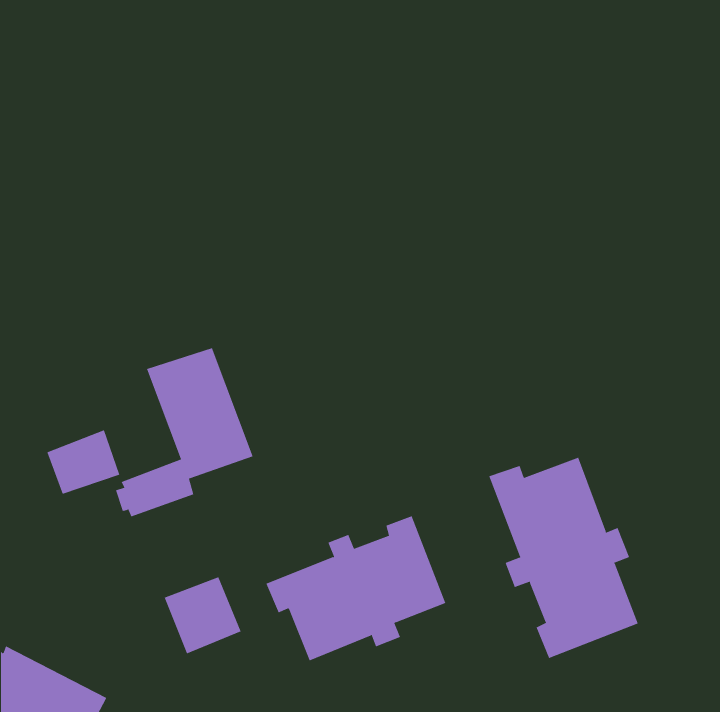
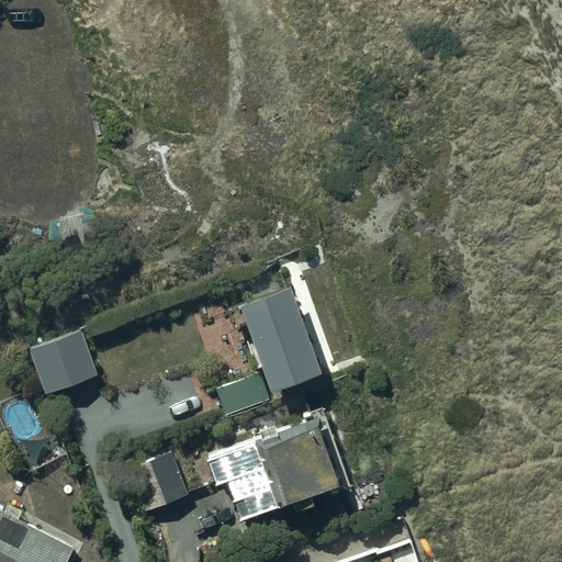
building: [115,348,254,517] -> [212,289,319,420]
building: [489,457,639,659] -> none

